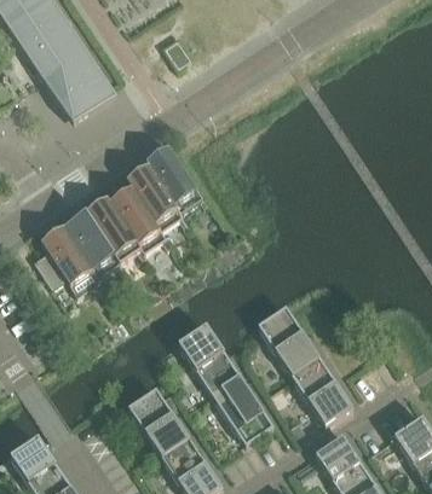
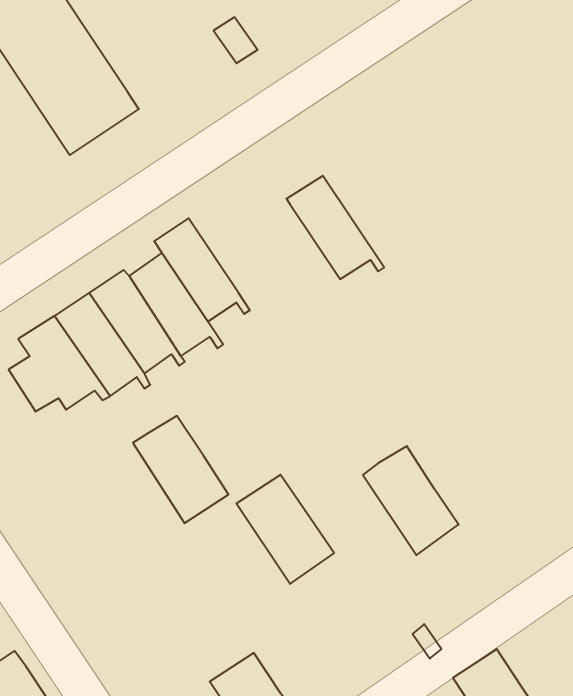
building: [145,144,207,209] -> [286,176,384,279]
building: [292,355,352,424] -> none
building: [212,373,273,442] -> none
building: [128,387,189,454] -> [133,416,229,523]

